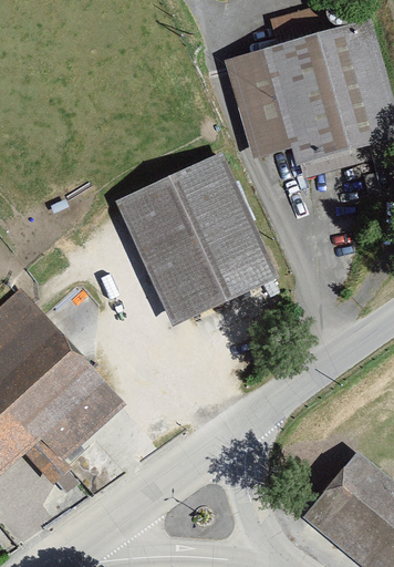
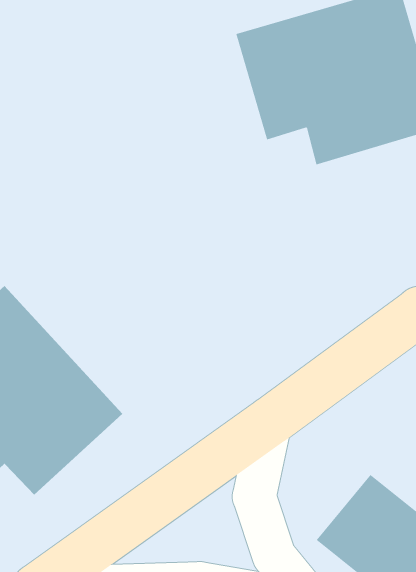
building: [118,152,279,322] -> none

